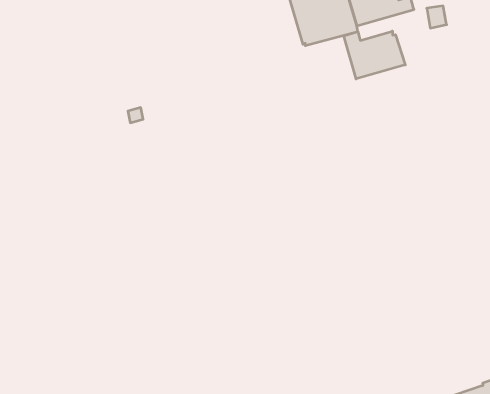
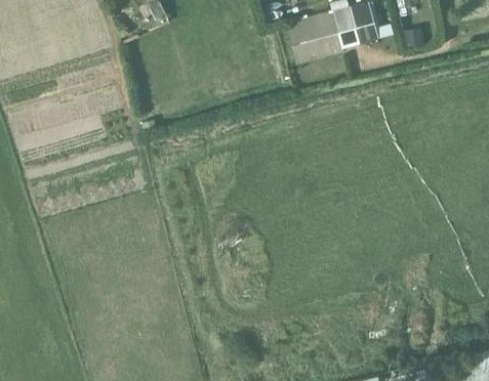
building: [344,31,405,79] -> none

